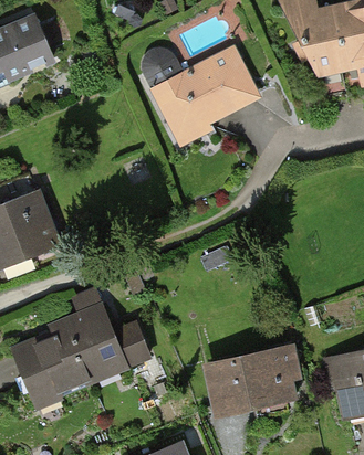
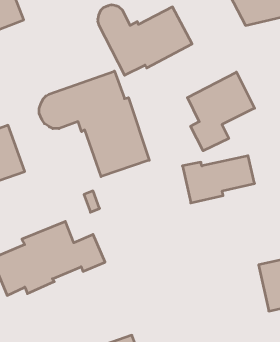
building: none -> [39,71,149,177]
building: none -> [187,72,255,151]
building: [211,350,298,406] -> [182,156,255,203]

